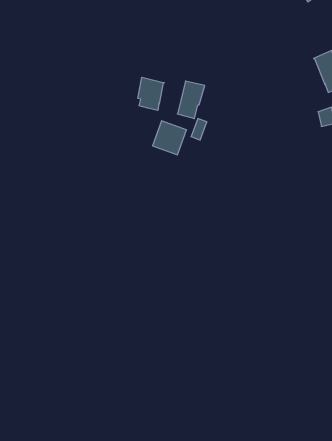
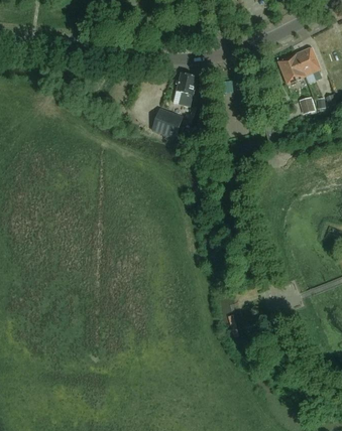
building: none -> [277,52,305,83]
building: [138,77,164,110] -> none

